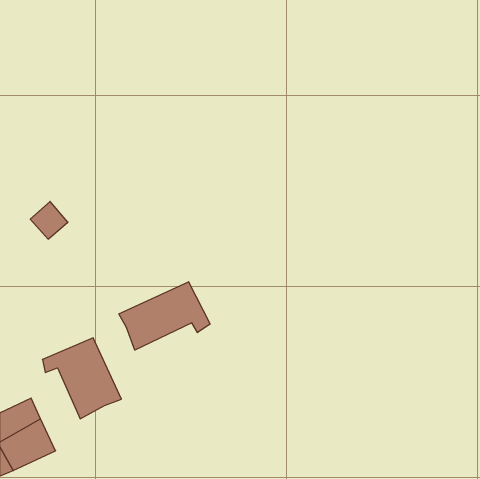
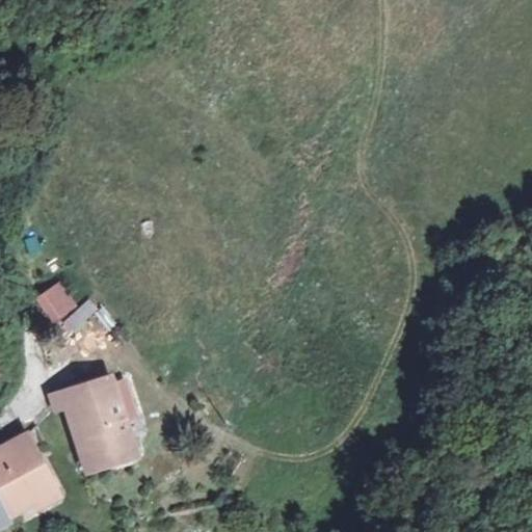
building: [30,201,68,239] -> [34,281,76,322]
building: [119,282,210,350] -> none

